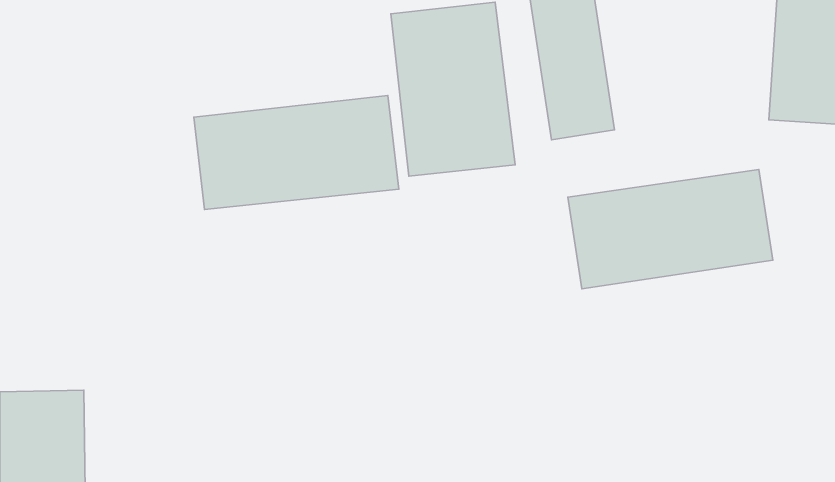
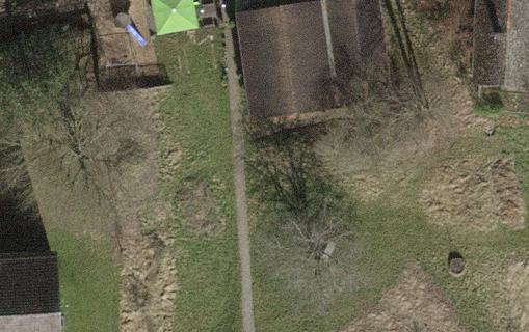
building: [194,95,399,209] -> none
building: [568,170,773,289] -> none

